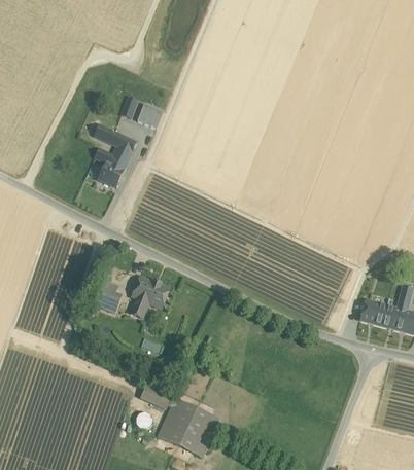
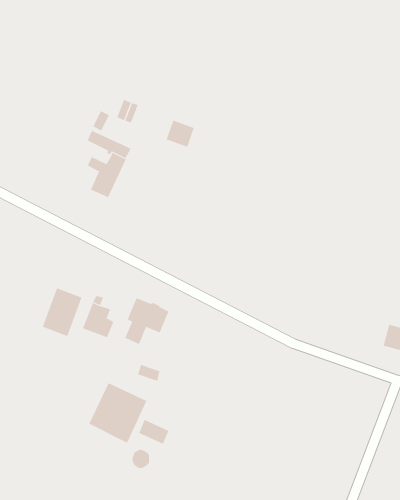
building: [137,103,163,128] -> [166,120,195,147]
building: none -> [42,287,82,337]
building: [158,399,210,454] -> [89,383,147,443]

